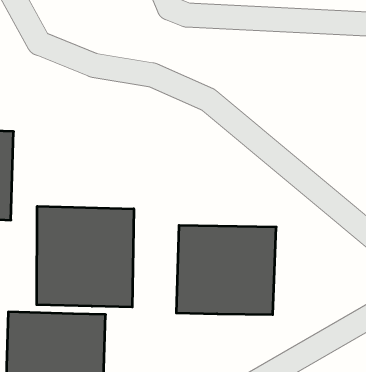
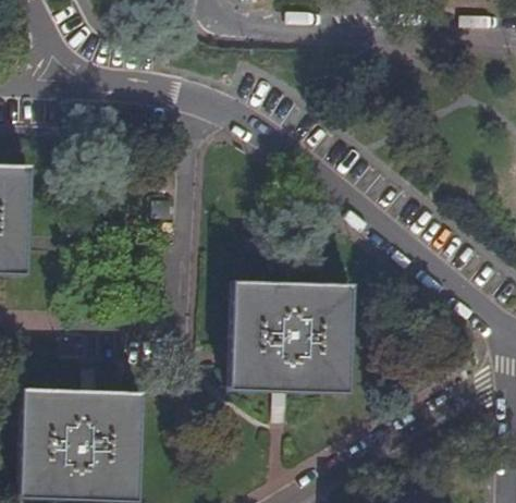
building: [37,206,134,307] -> none

